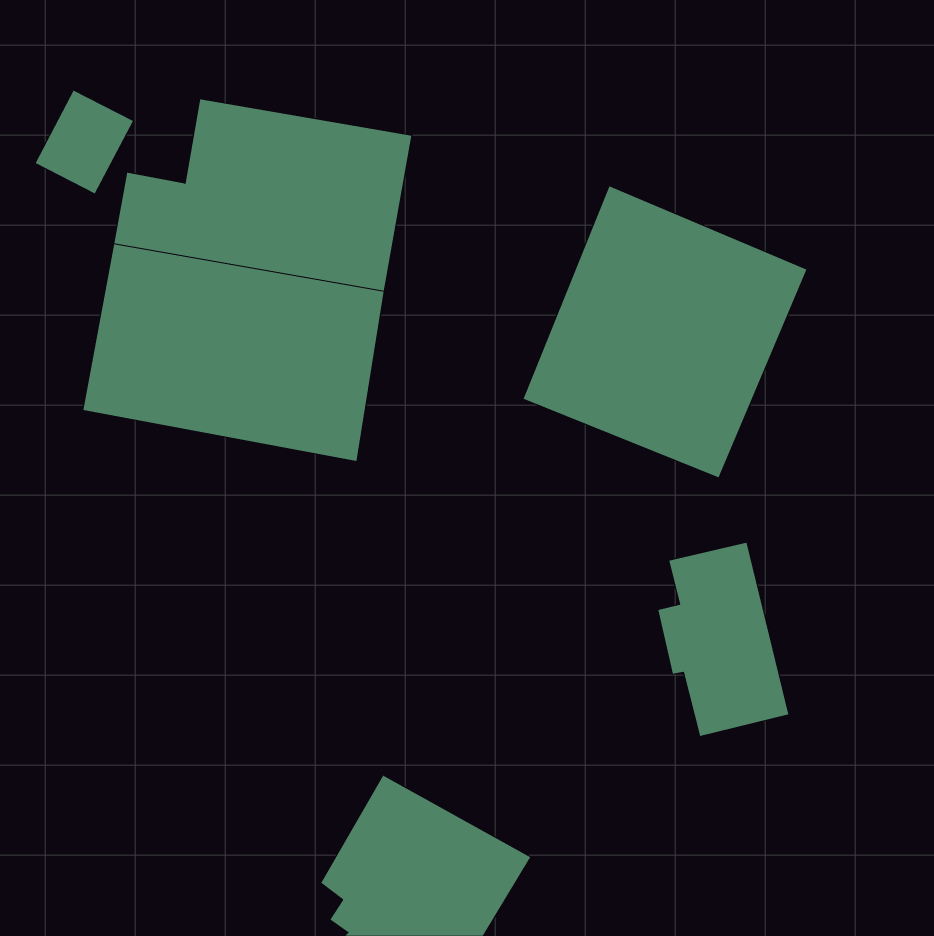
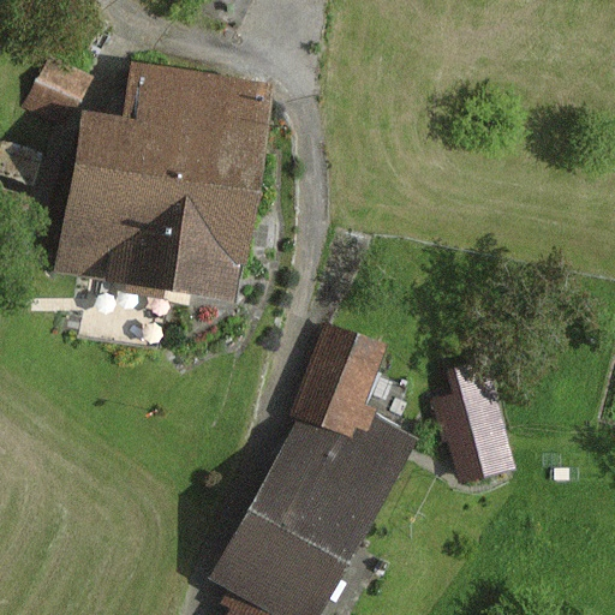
building: [523,185,807,478] -> none
building: none -> [251,327,417,562]

